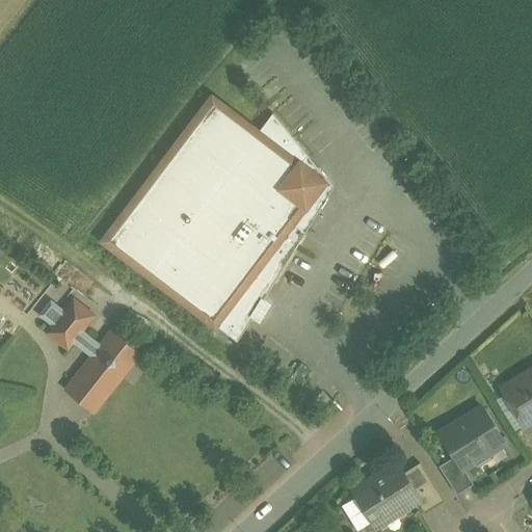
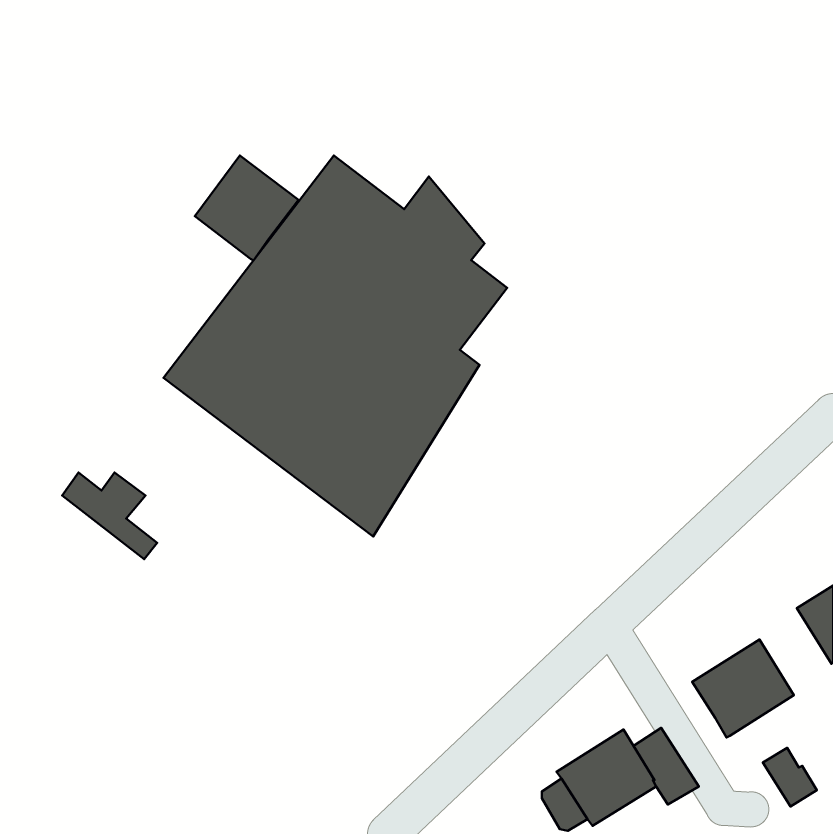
building: none -> [195,155,299,261]
building: [73,330,140,402] -> none
building: [438,456,473,494] -> [763,748,817,807]

